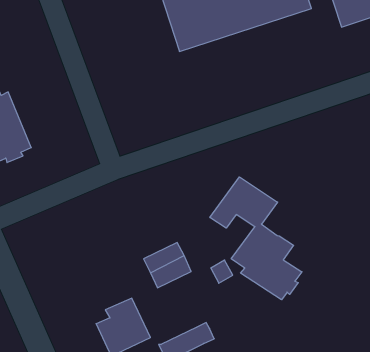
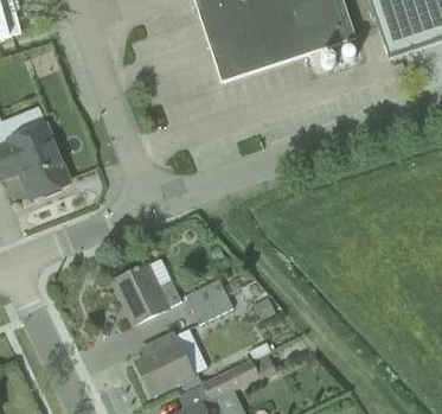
building: [210,177,302,300] -> none
building: none -> [113,265,180,324]

